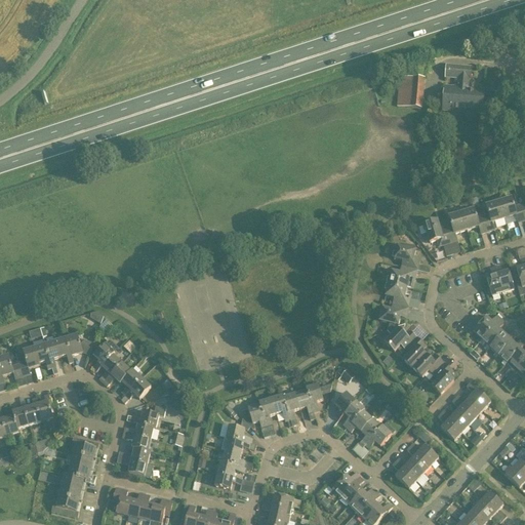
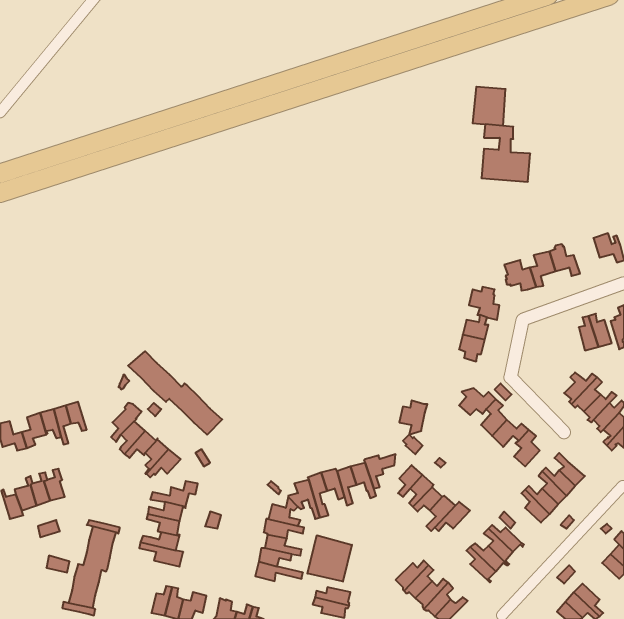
building: [443,63,484,111] -> [481,124,530,182]
building: [482,200,506,230] -> none
building: none -> [128,351,222,435]
building: [379,300,403,329] -> [399,400,427,435]
building: [66,334,94,361] -> none
building: none -> [307,535,352,582]
building: [108,486,131,515] -> none

